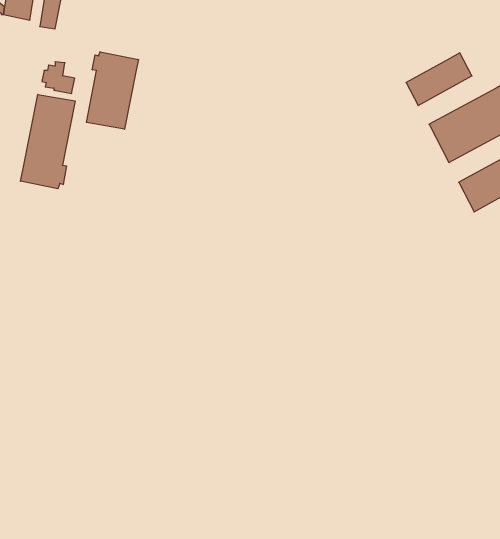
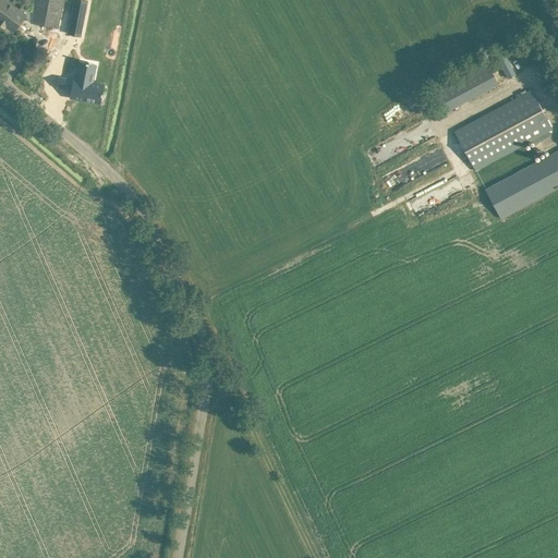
building: [86,52,138,129] -> none
building: [20,94,75,189] -> none

